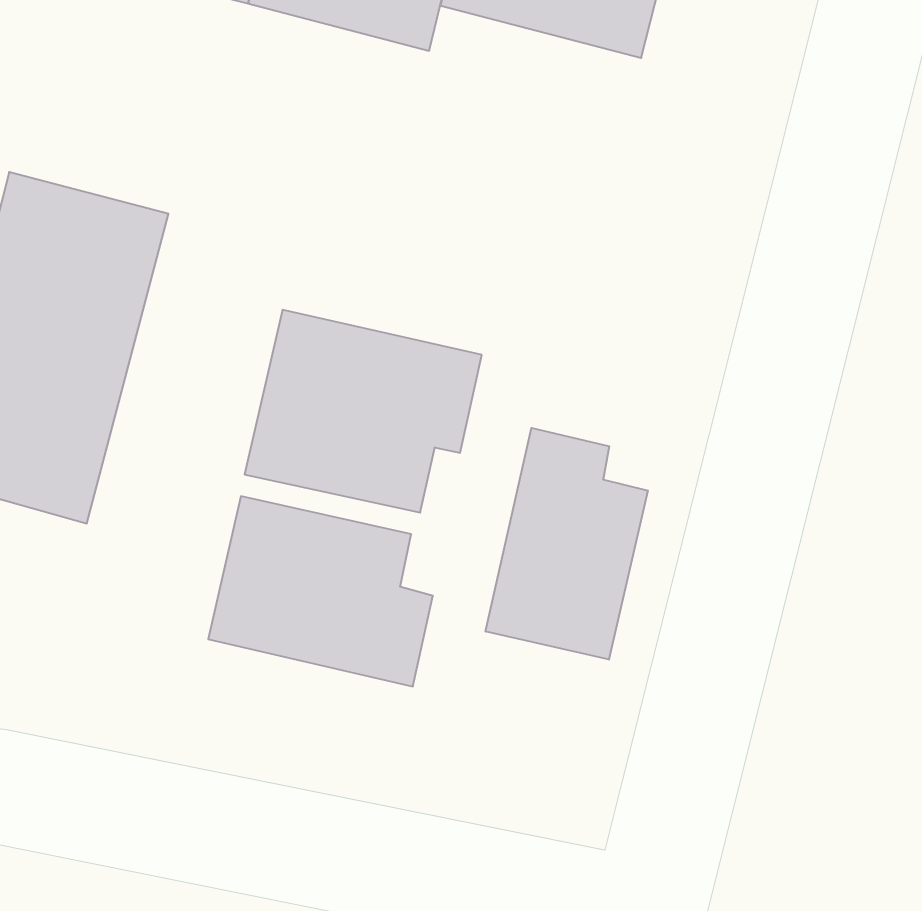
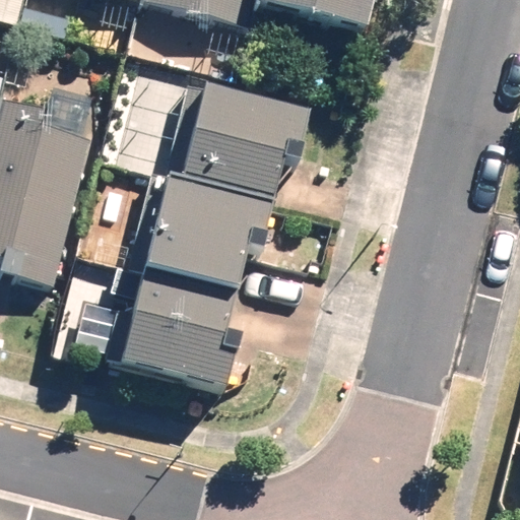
building: none -> [158,78,317,199]
building: [486,428,648,660] -> none

